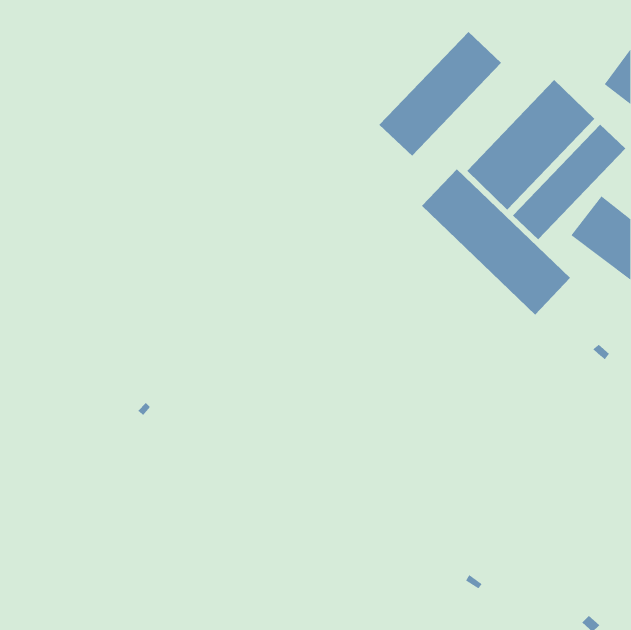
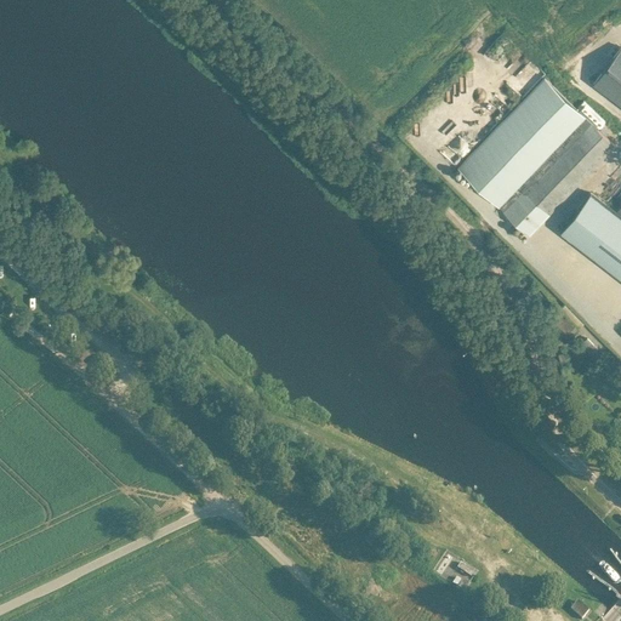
building: [379,31,502,156] -> none
building: [421,168,571,315] -> none

